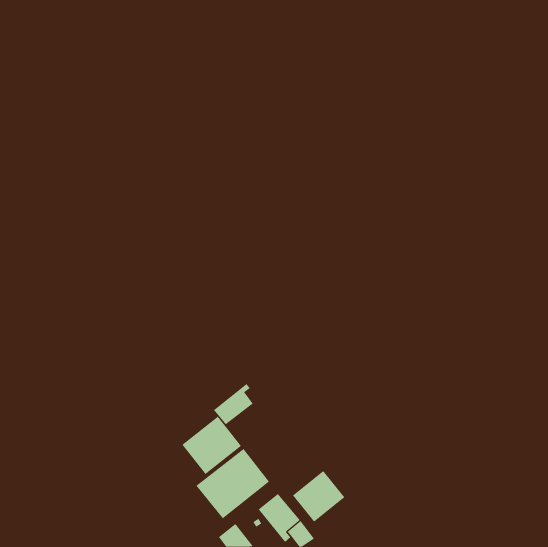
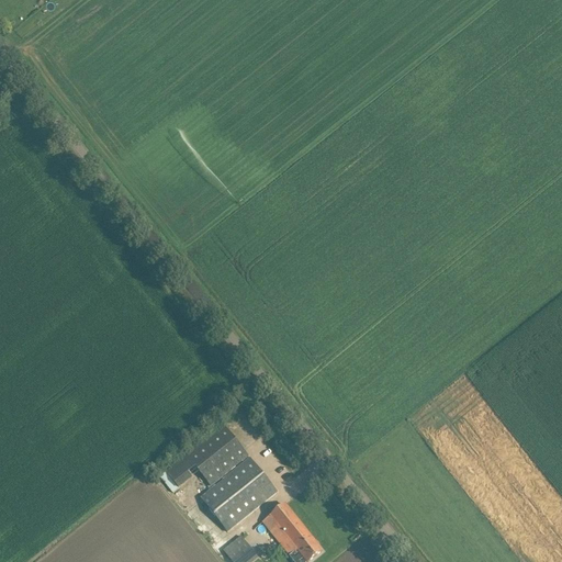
building: [213,383,253,425] -> none
building: [292,470,345,522] -> none

